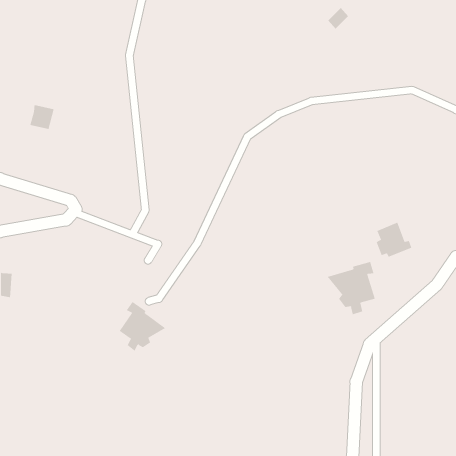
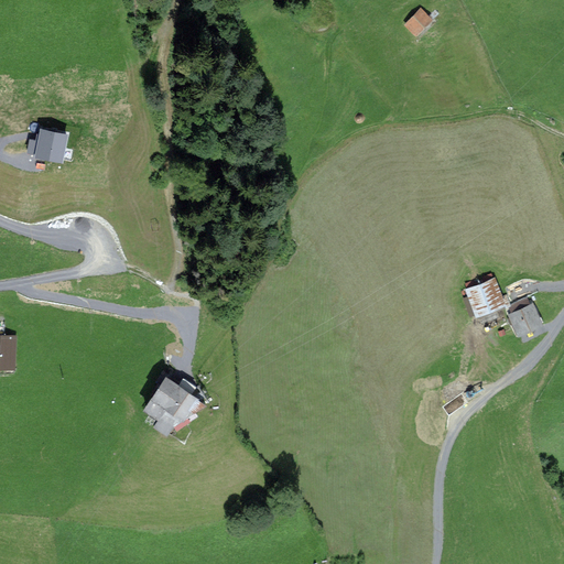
building: none -> [509,299,540,336]
building: [327,261,375,315] -> none

